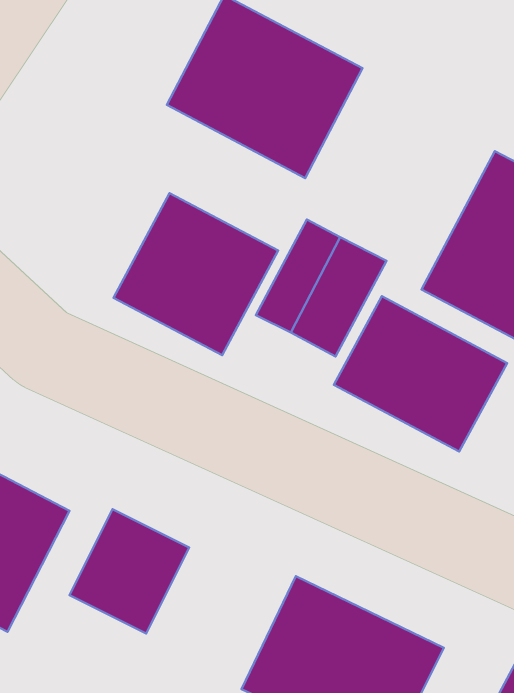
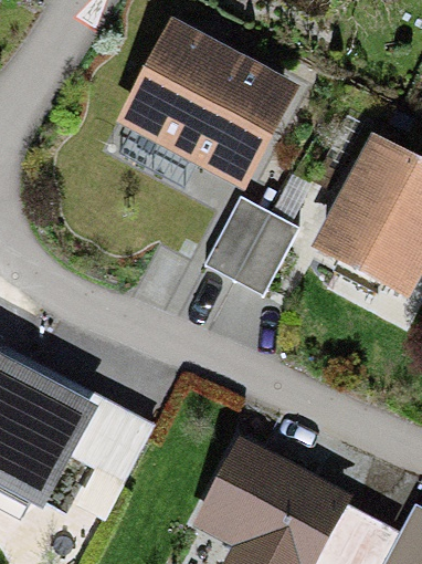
building: [113,193,278,355] -> none
building: [334,296,507,452] -> none

